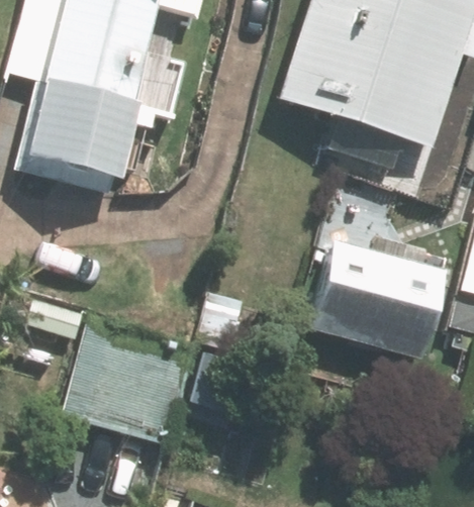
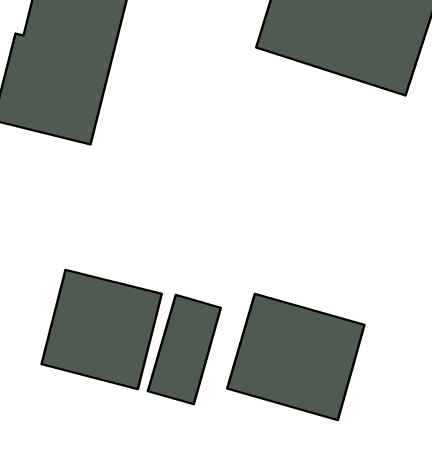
building: [311,237,450,361] -> none
building: none -> [227,294,364,420]

